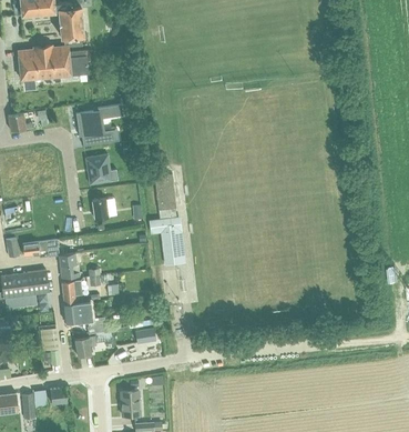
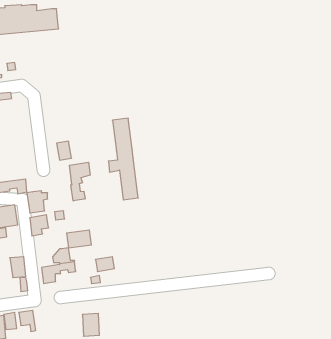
building: [74,104,122,147] -> none
building: [84,154,116,184] -> none
building: none -> [69,162,90,201]
building: [63,303,91,323] -> [67,230,91,248]

